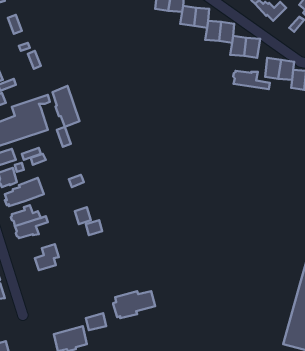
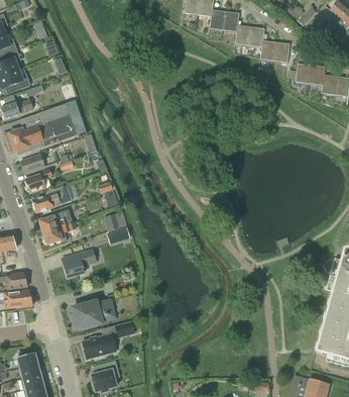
building: [233,71,270,89] -> none
building: [52,86,79,127] -> none
building: [113,291,155,318] -> [72,301,114,328]

